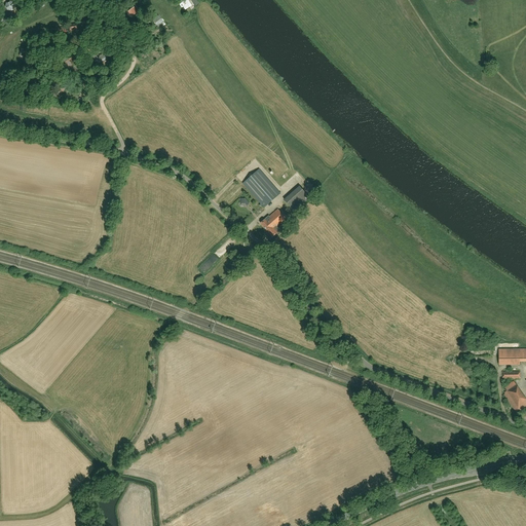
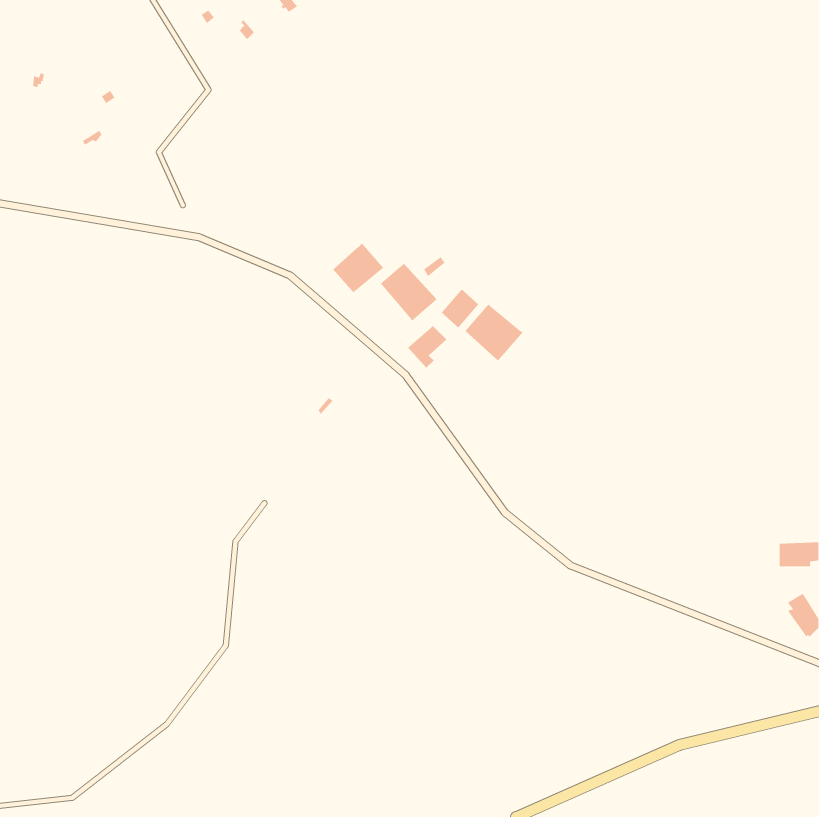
building: none -> [333,242,384,293]
building: none -> [465,303,524,362]

